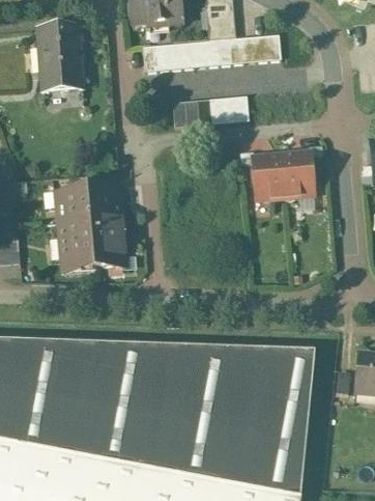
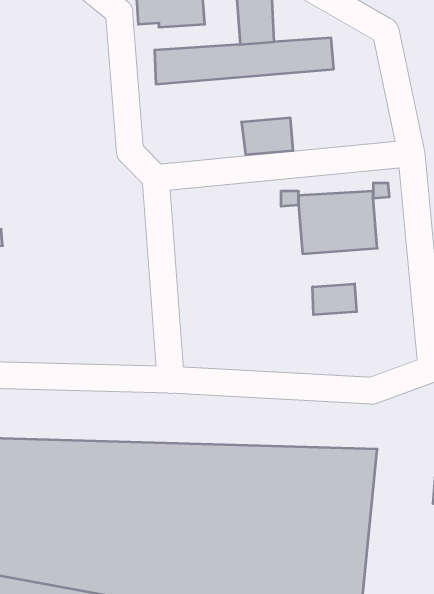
building: [37,27,82,92] -> none
building: [173,100,212,128] -> none
building: [56,186,126,273] -> none
building: none -> [313,284,357,315]

